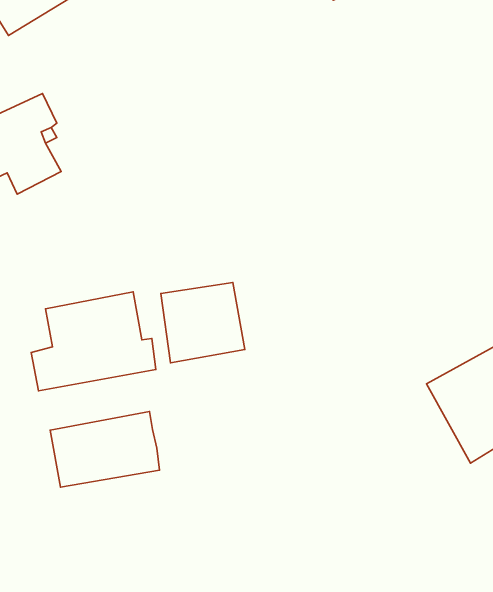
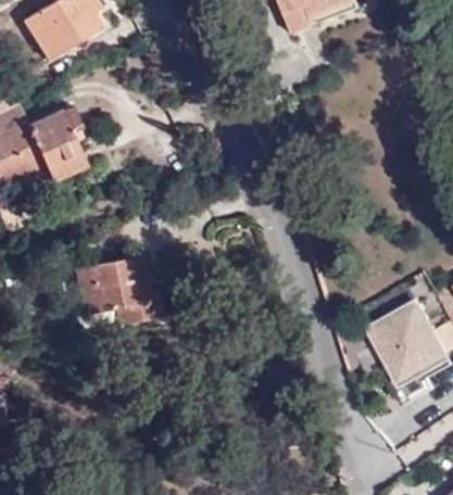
building: [161,282,245,363] -> none
building: [50,411,159,487] -> none

